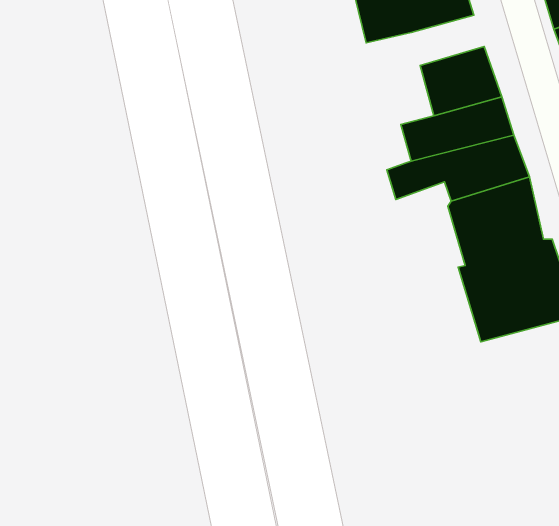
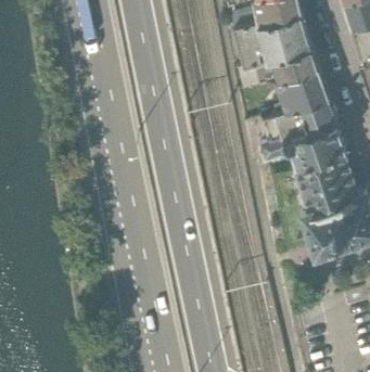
building: none -> [271,48,317,79]

